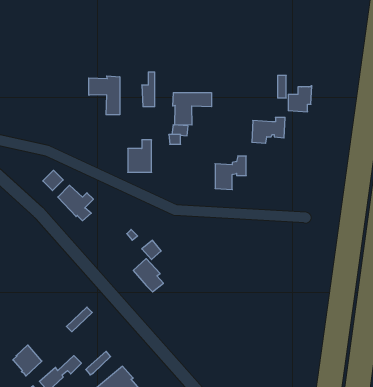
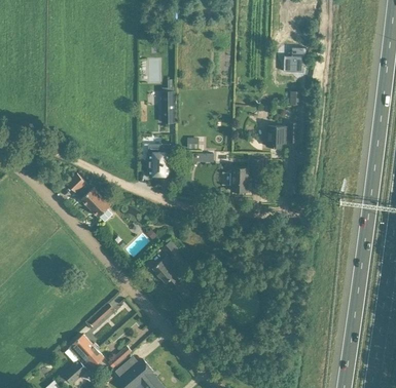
building: [89,76,120,115] -> none
building: [288,86,312,112] -> [283,48,305,73]
building: [173,93,211,125] -> none
building: [13,345,42,376] -> [68,335,96,364]

